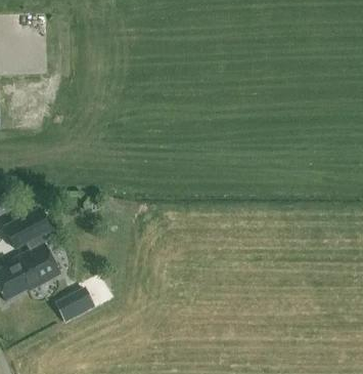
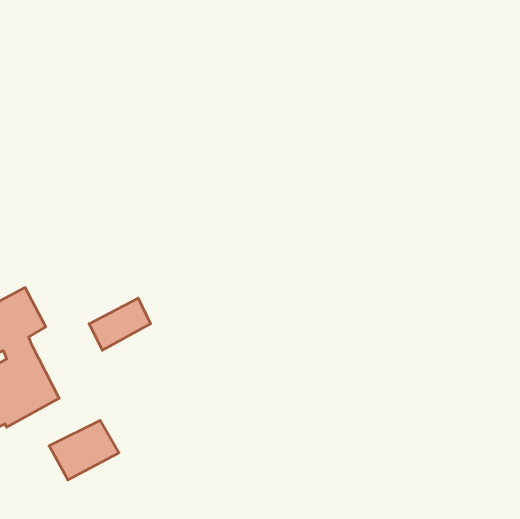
building: none -> [89,298,150,350]

